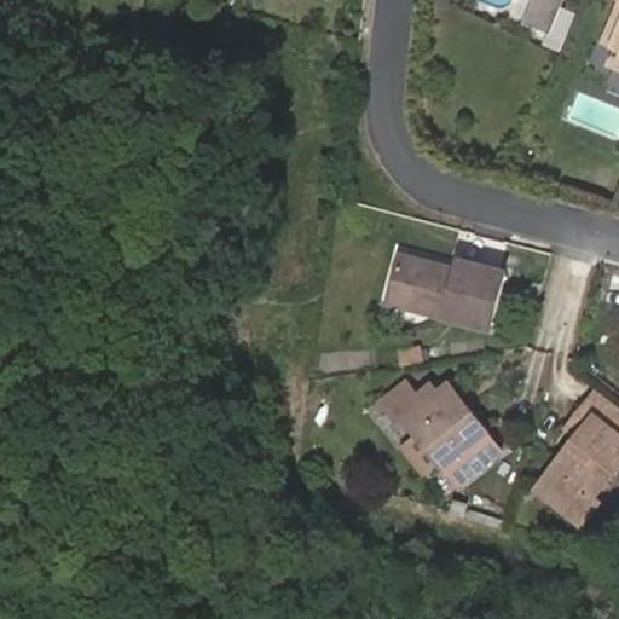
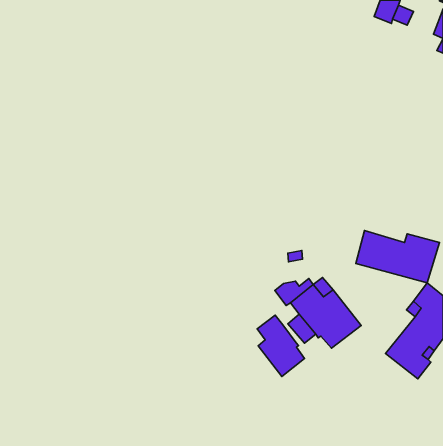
building: [387,256,503,329] -> [356,230,440,283]
building: none -> [257,315,305,377]

